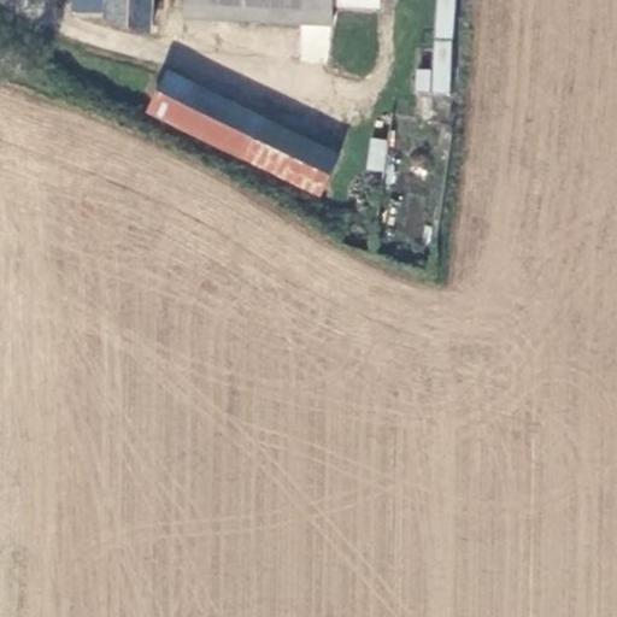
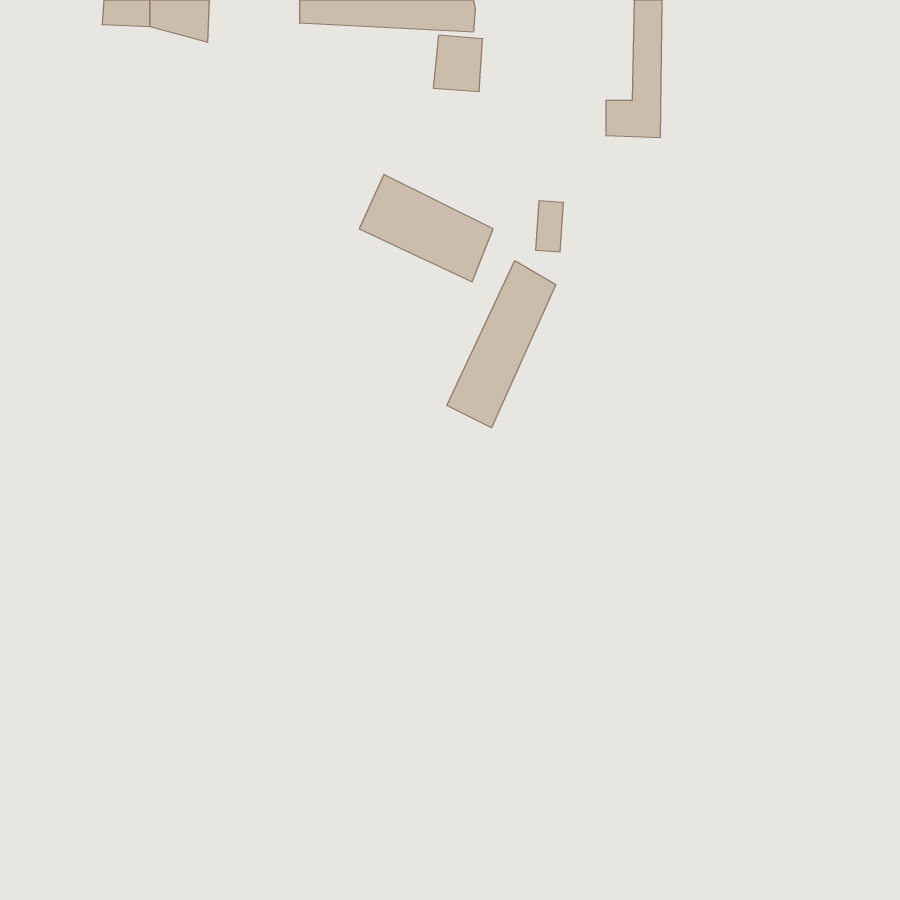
building: [149,74,263,157] -> none
building: none -> [447,261,556,428]

